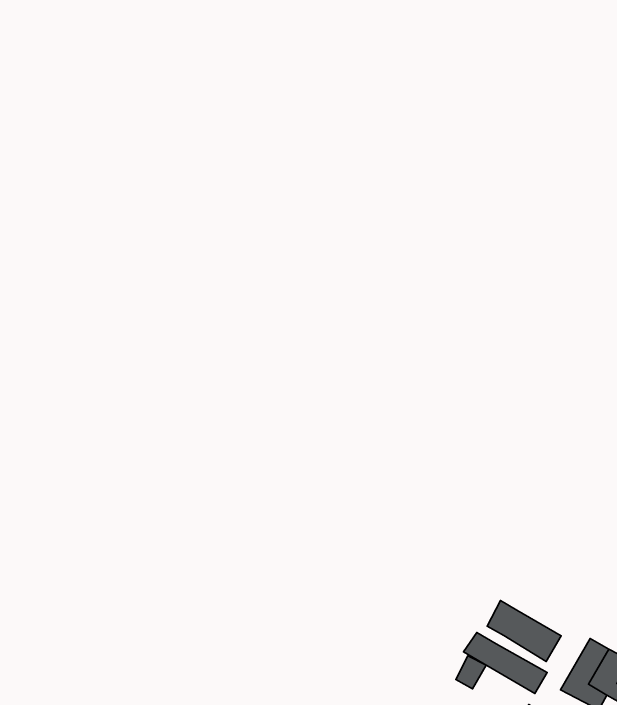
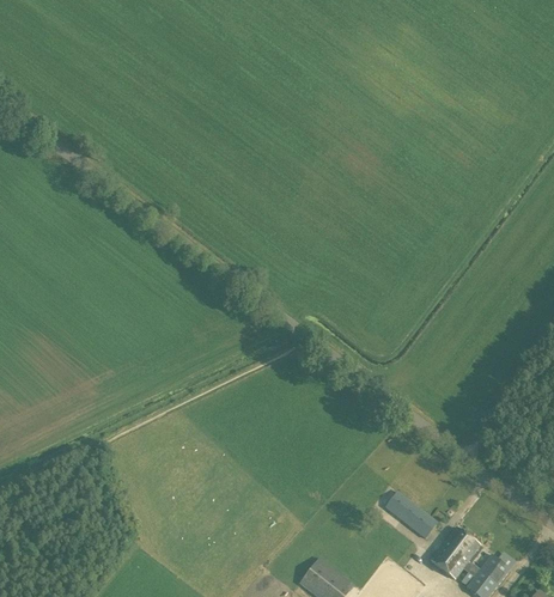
building: [464,633,547,693] -> none

